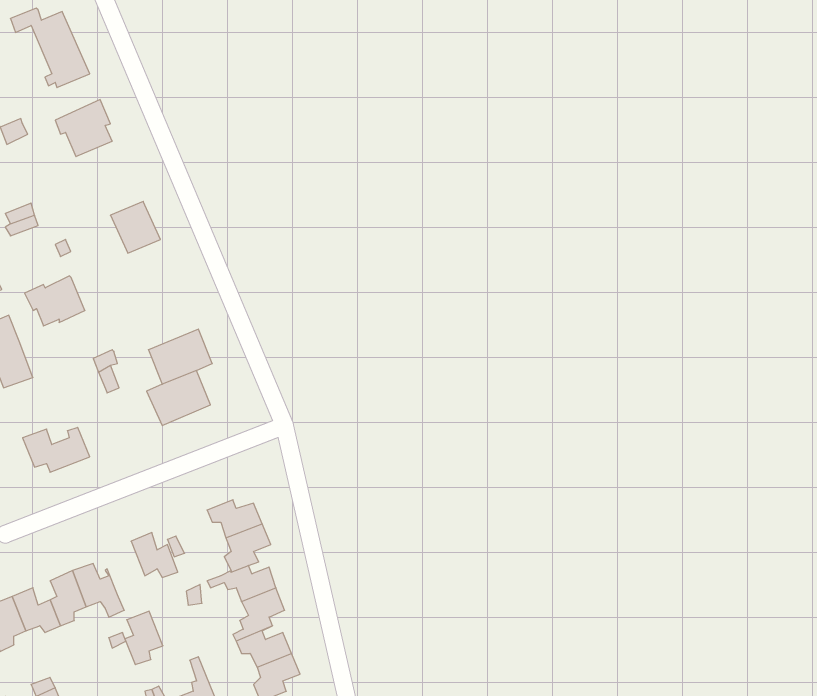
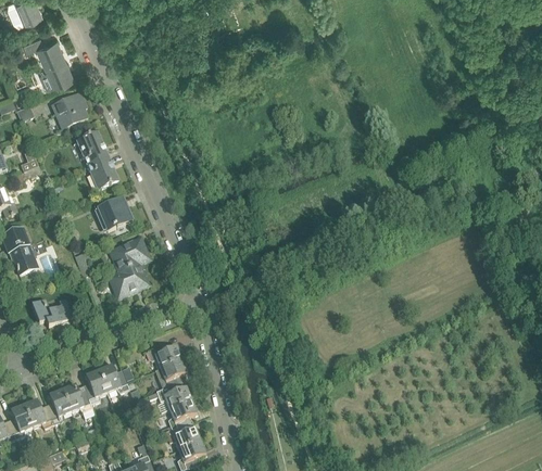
building: none -> [76,131,106,164]
building: [25,276,85,326] -> [93,198,131,229]
building: [125,611,163,665] -> [84,369,108,403]

